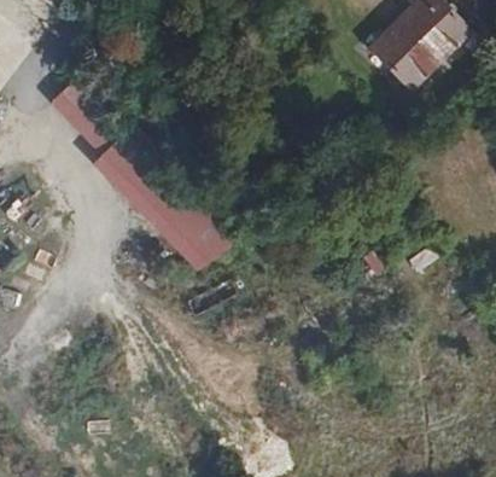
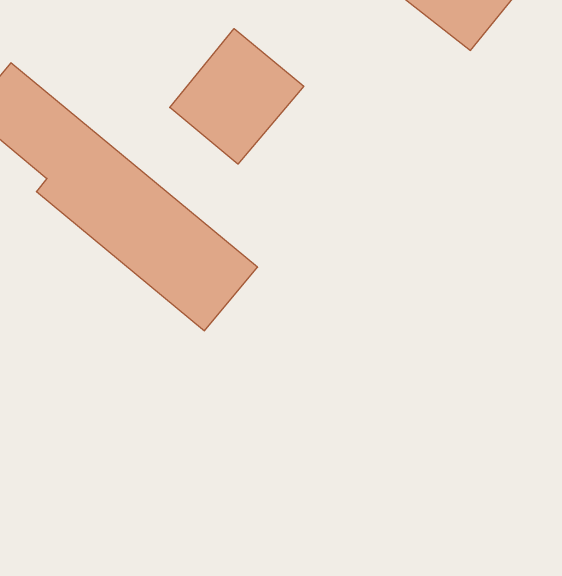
building: none -> [170,29,304,164]

